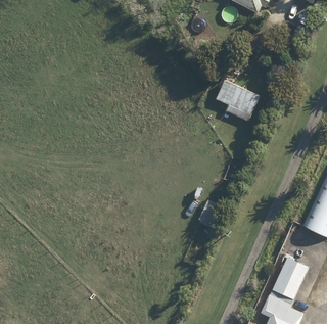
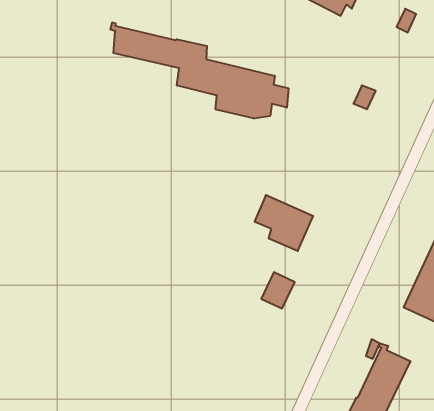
building: none -> [110,22,288,119]
building: [215,80,258,121] -> [255,195,313,251]

